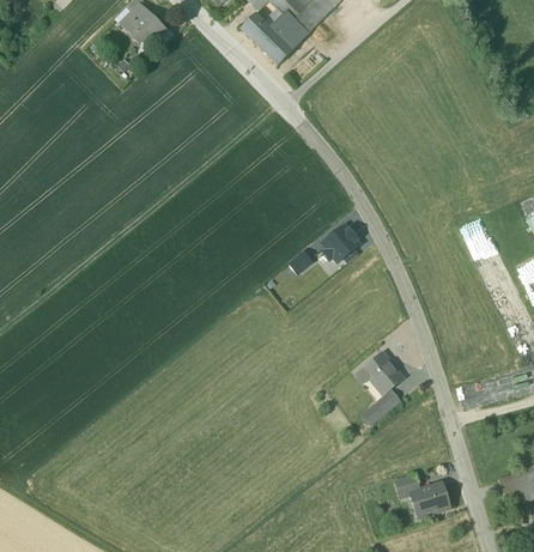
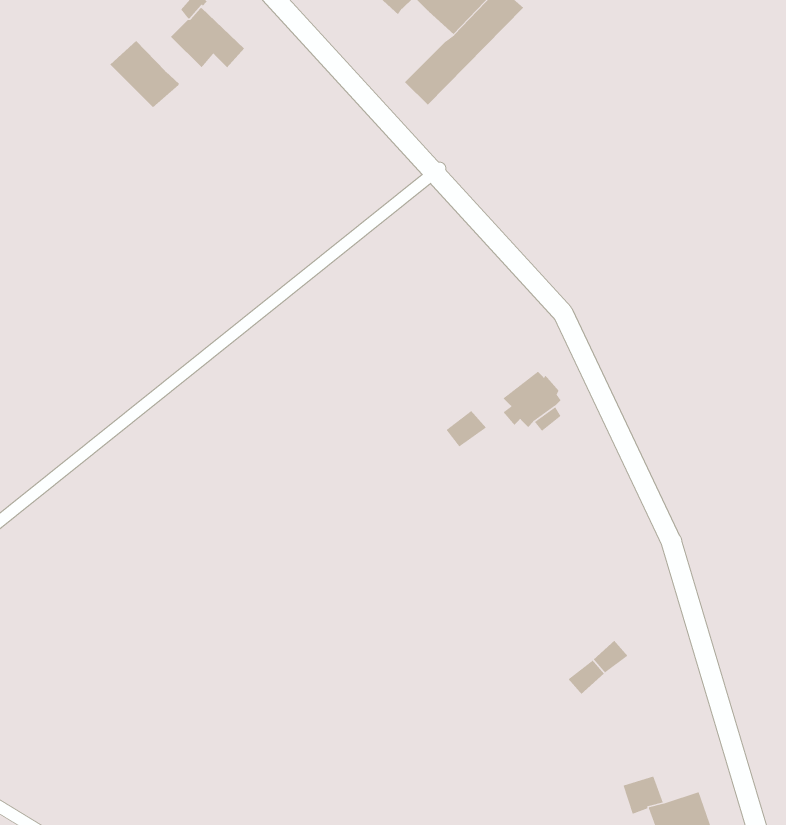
building: [241,7,293,50] -> none
building: none -> [109,40,180,108]
building: [363,352,402,393] -> none

